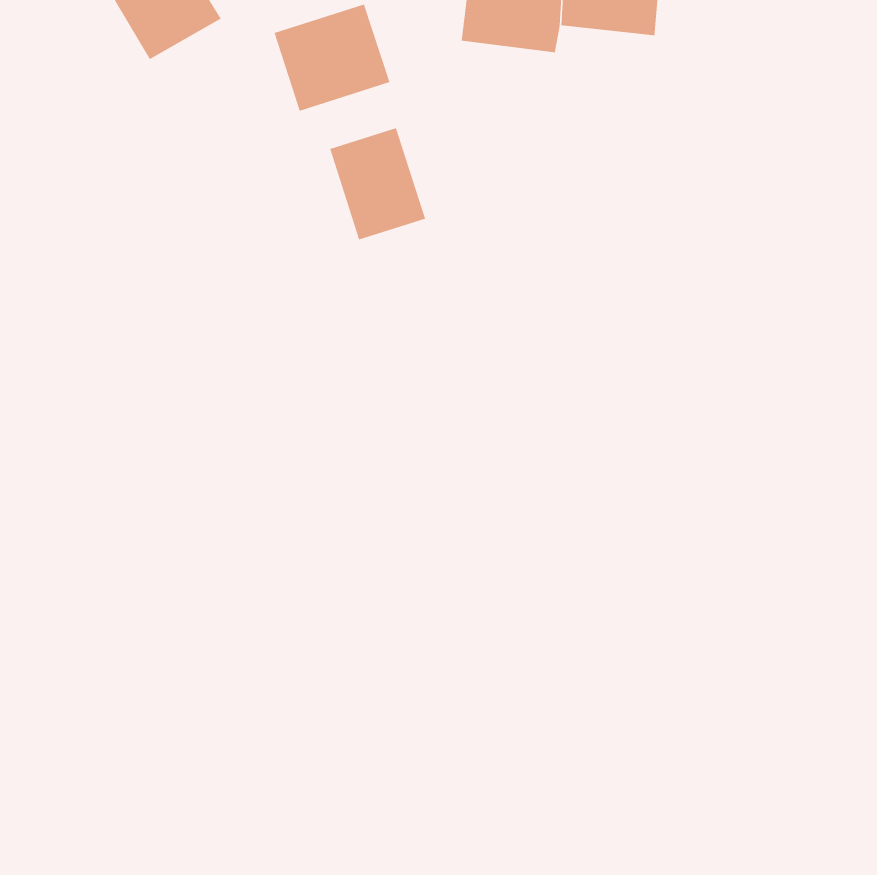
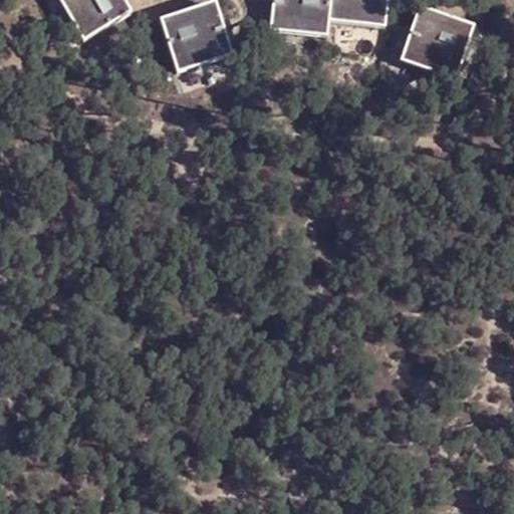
building: none -> [403,9,472,74]
building: [329,127,426,240] -> none

